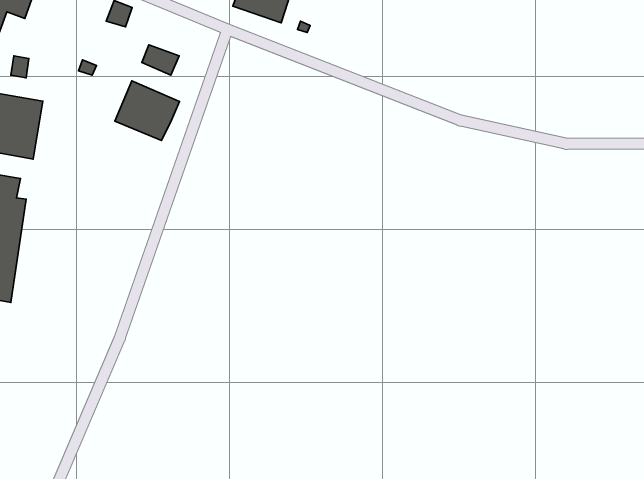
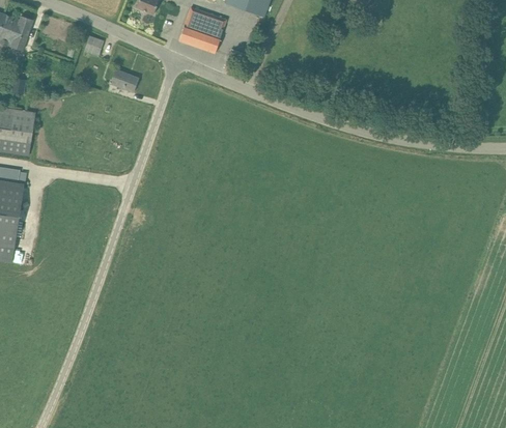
building: [115,81,180,141] -> none

